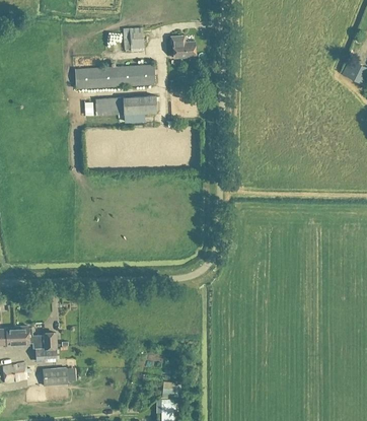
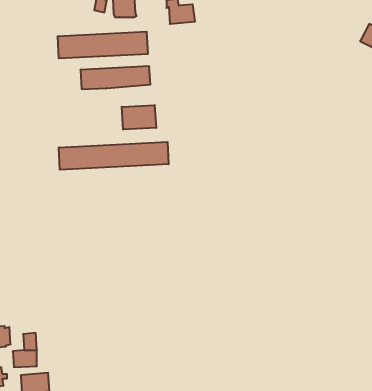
building: none -> [122,105,156,130]
building: none -> [59,142,169,170]

